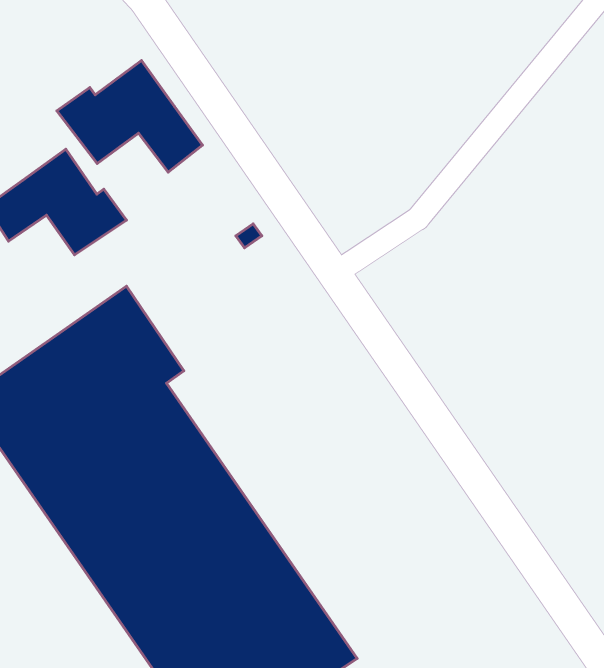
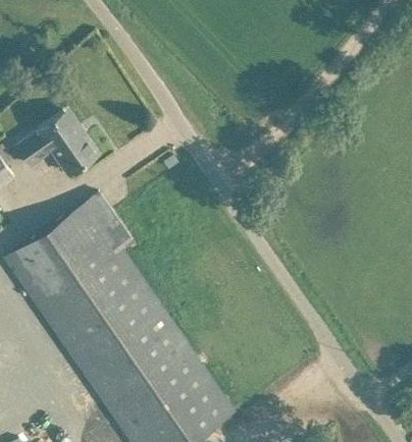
building: [57,60,202,172] -> none

